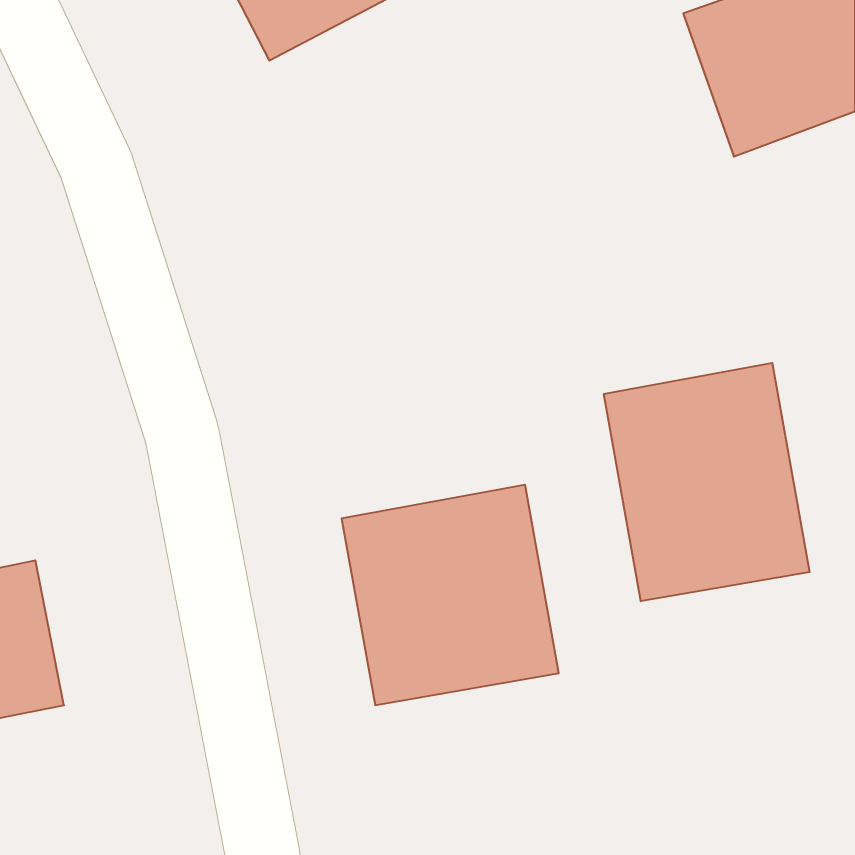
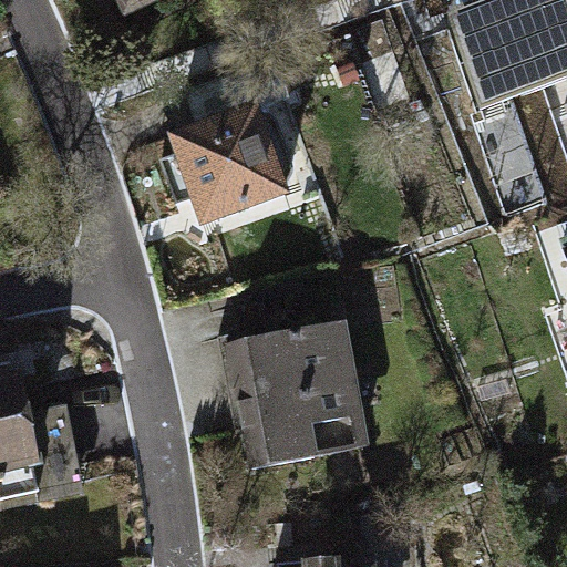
building: none -> [176,110,276,206]
building: [604,363,810,601] -> none

